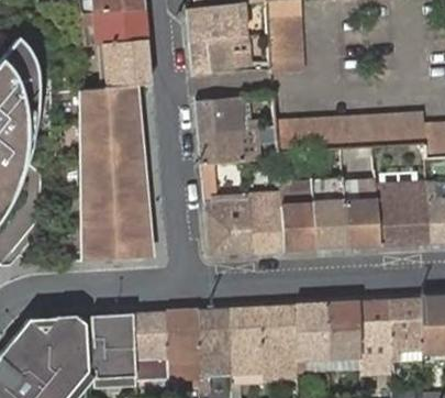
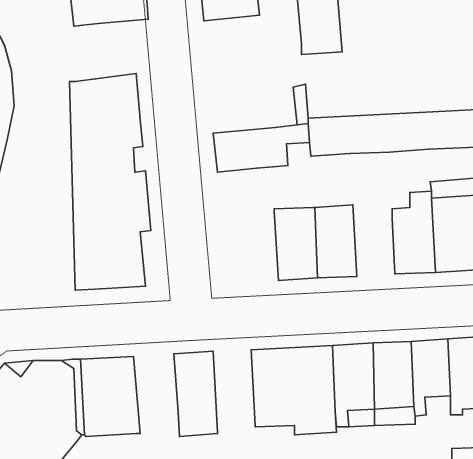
building: [191,36,270,74] -> none
building: [103,41,151,89] -> none
building: [197,98,249,133] -> none
building: [311,178,346,250] -> none
building: [205,197,252,255] -> none
building: [199,309,233,393] -> none
building: [134,312,171,382] -> none

